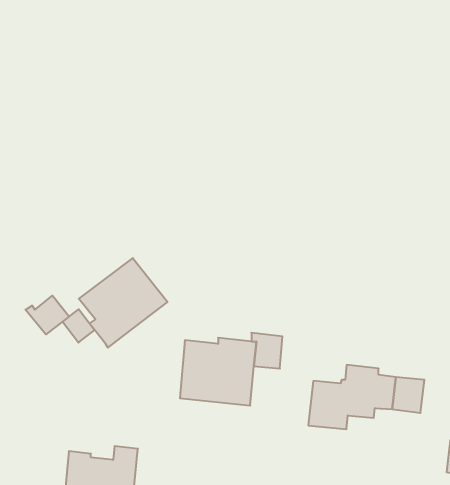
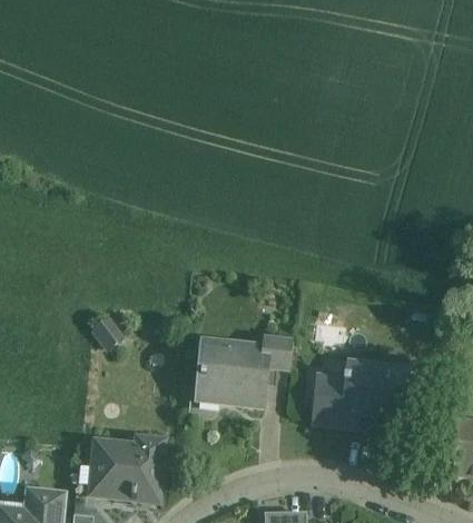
building: [79,258,167,348] -> none
building: [25,296,69,334] -> none

